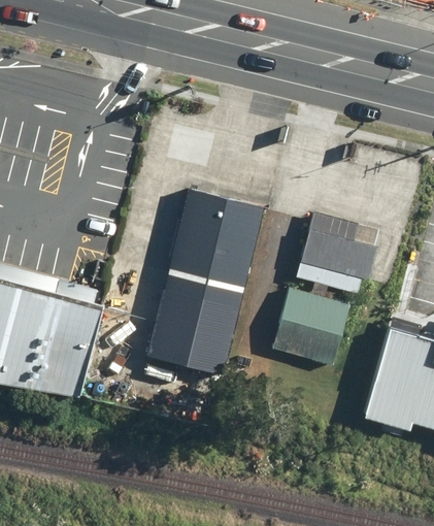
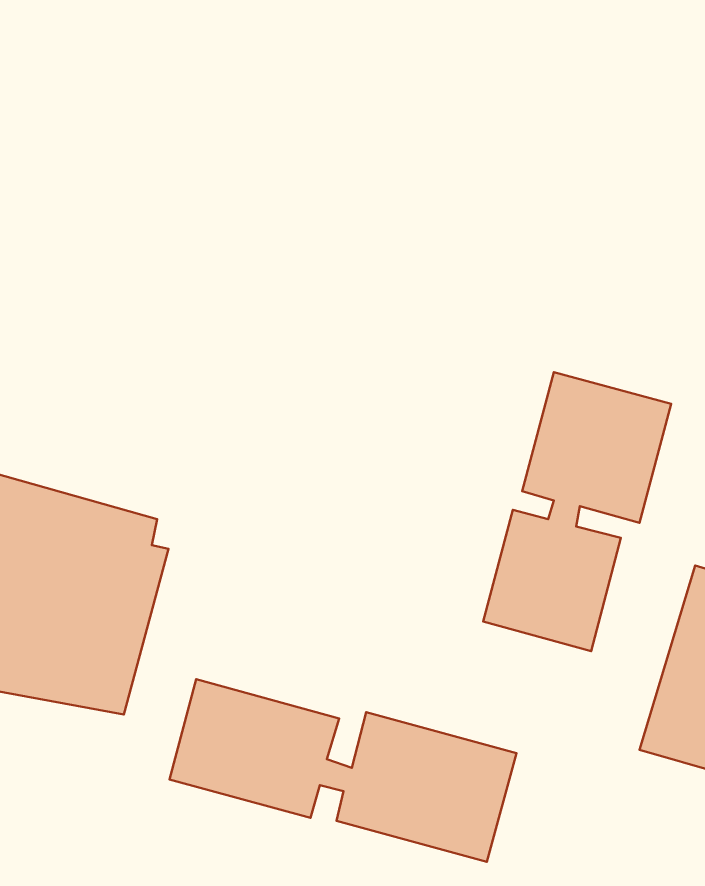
building: [153,187,264,371] -> none
building: none -> [170,679,516,862]

